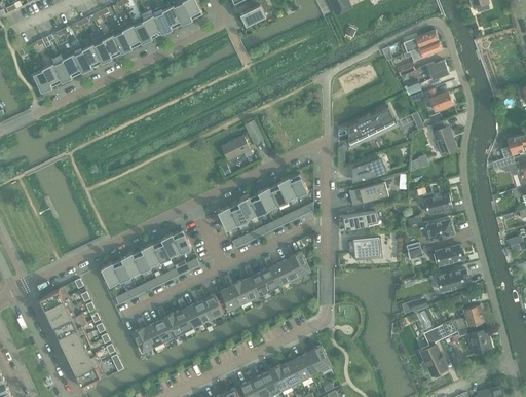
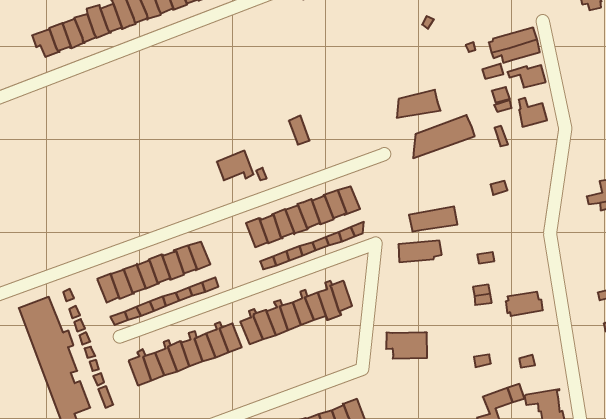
building: [429,121,456,155] -> none
building: [221,136,252,161] -> [217,151,254,180]
building: [351,157,386,183] -> [397,90,441,118]
building: [422,193,452,215] -> none
building: [424,220,454,242] -> none
building: [347,238,382,261] -> [386,332,427,359]
building: [436,269,466,292] -> none
building: [455,304,484,329] -> none

